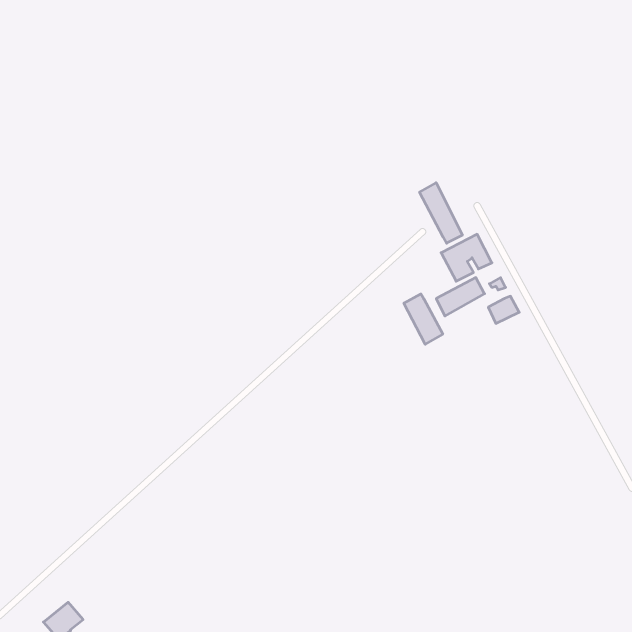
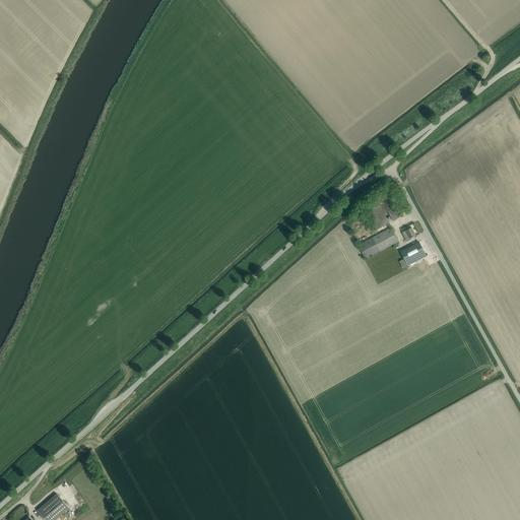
building: [420,183,462,243] -> none
building: [404,294,443,344] -> none

